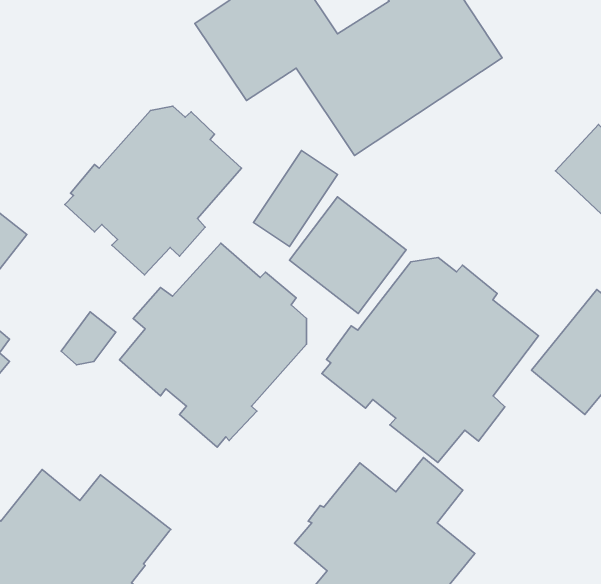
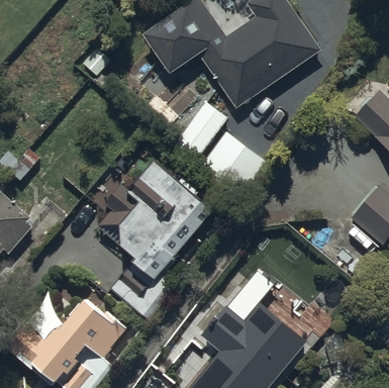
building: [65,106,242,275] -> none
building: [322,258,539,463] -> none

